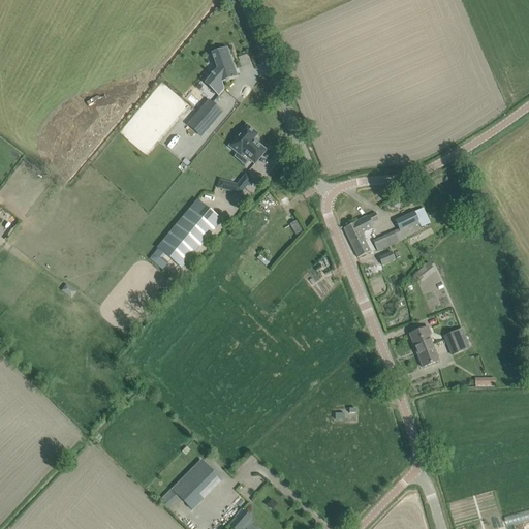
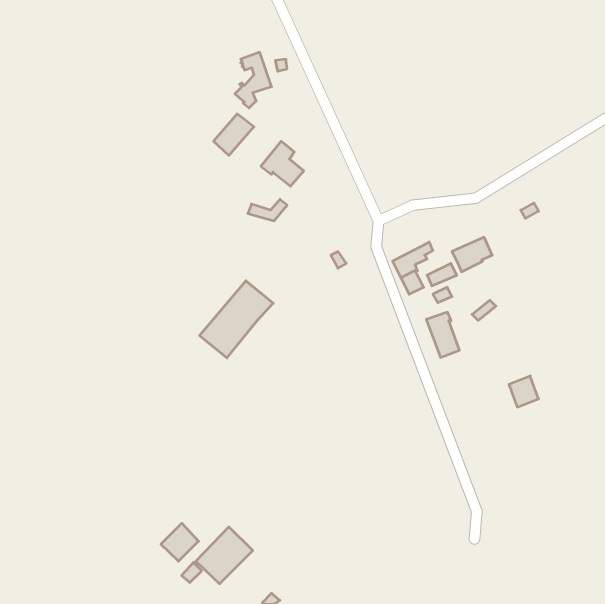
building: [156,199,220,267] -> [200,281,273,358]
building: [408,326,437,366] -> [426,312,459,357]
building: none -> [161,523,199,561]

